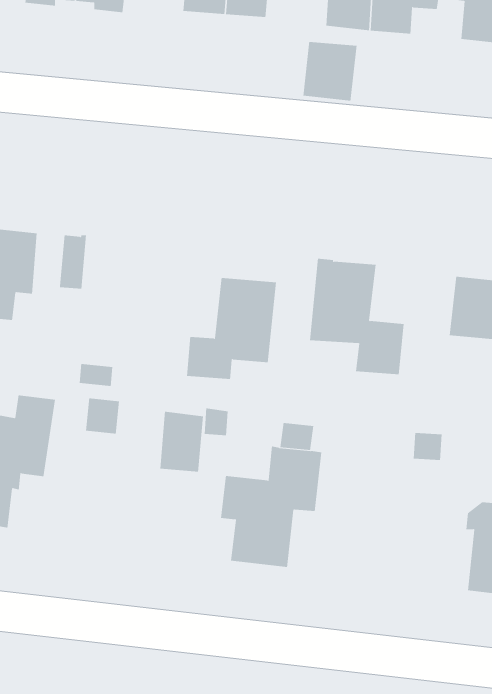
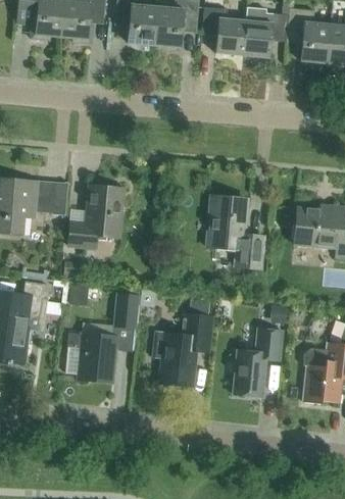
building: [303,41,357,101] -> none
building: [186,277,277,379] -> [67,185,124,248]
building: none -> [232,328,284,398]
building: none -> [65,333,117,382]

